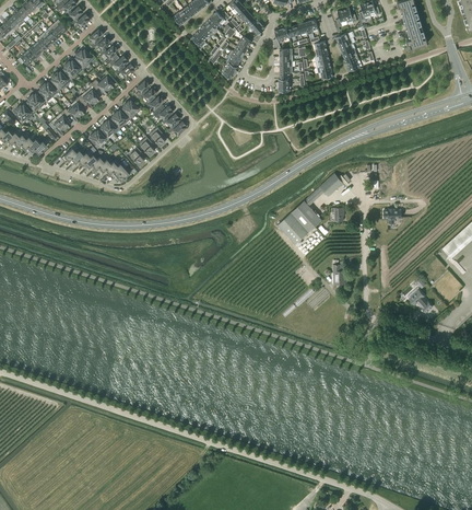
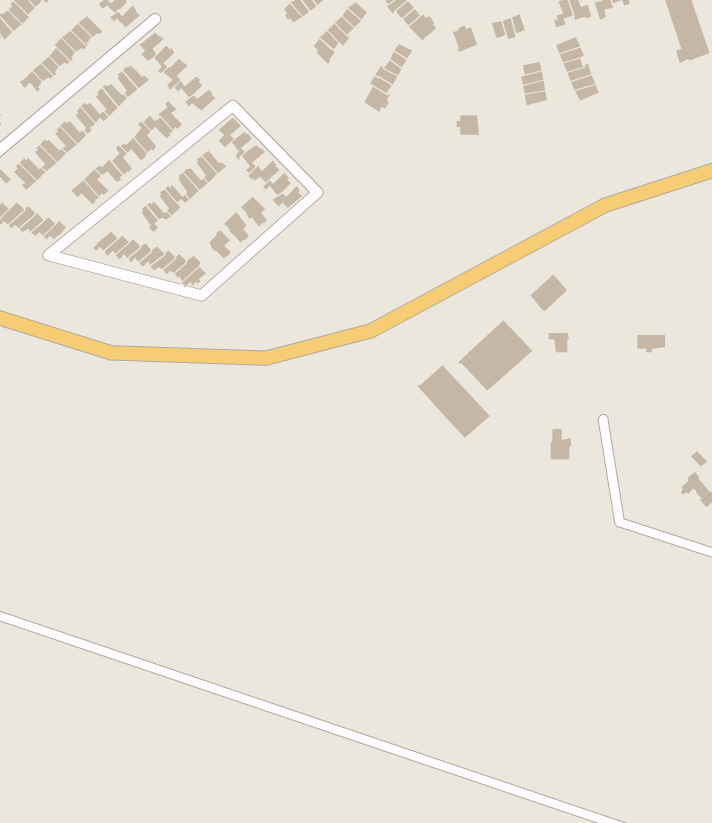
building: none -> [416,365,491,439]

